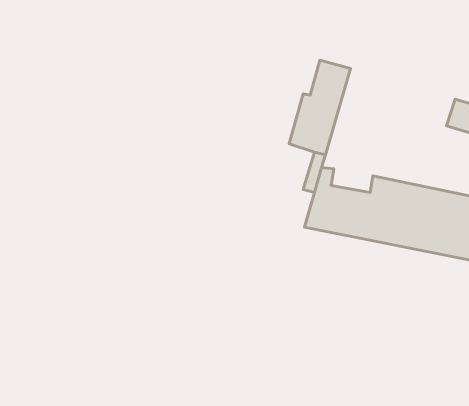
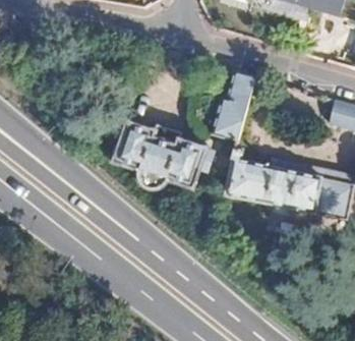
building: none -> [115,120,217,193]

